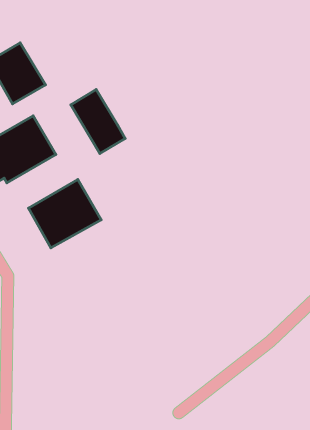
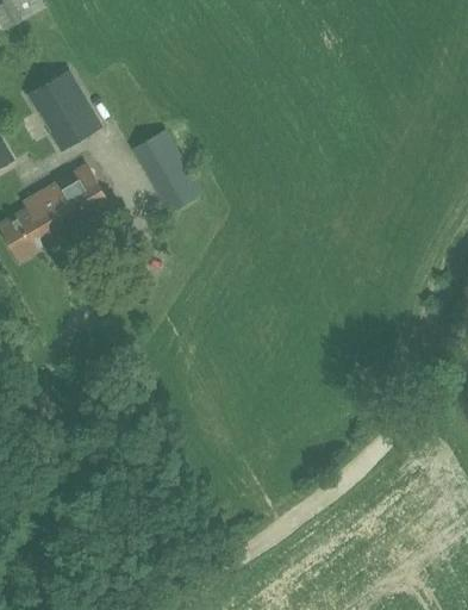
building: [28,180,101,248] -> none

